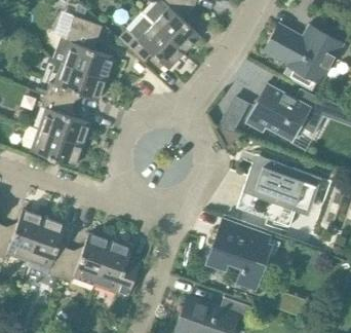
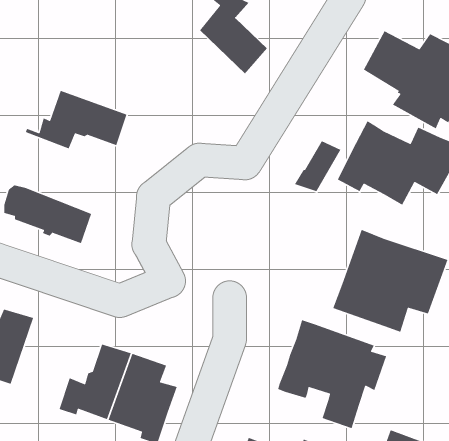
building: [118,11,185,69] -> none
building: [52,15,114,79] -> none
building: [36,91,89,146] -> none
building: [28,216,67,278] -> none

